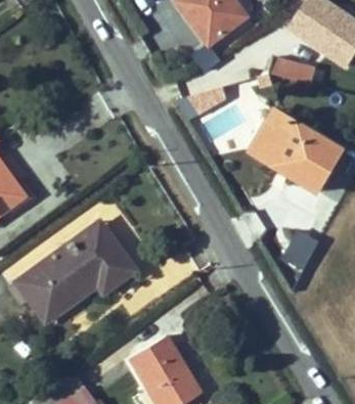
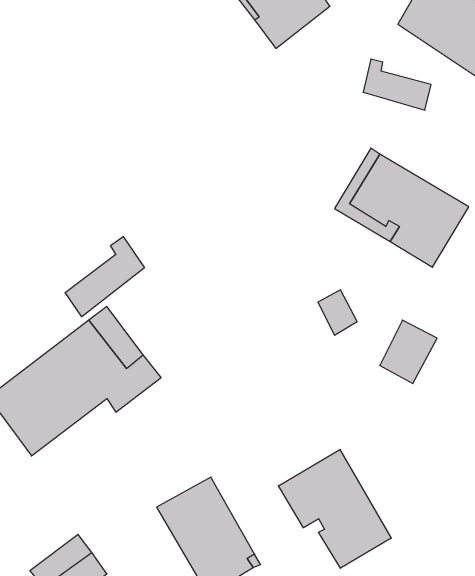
building: none -> [65,236,144,317]
building: none -> [278,450,391,568]

